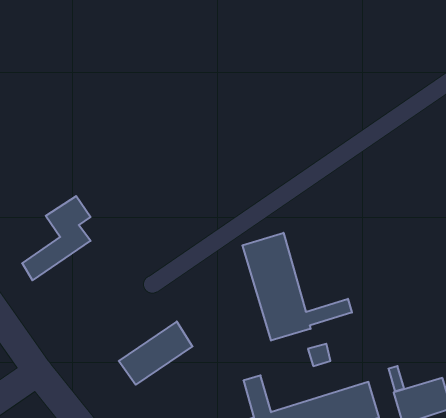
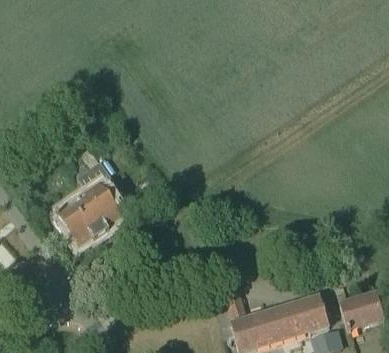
building: [242,233,352,341] -> none
building: [119,321,193,385] -> [66,191,122,239]

